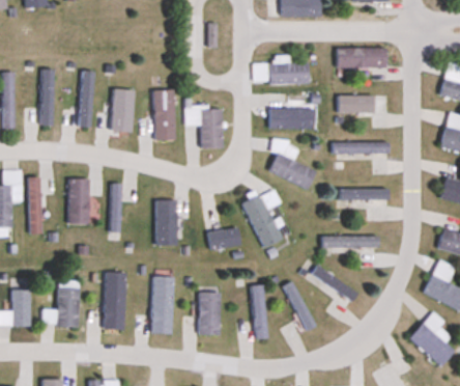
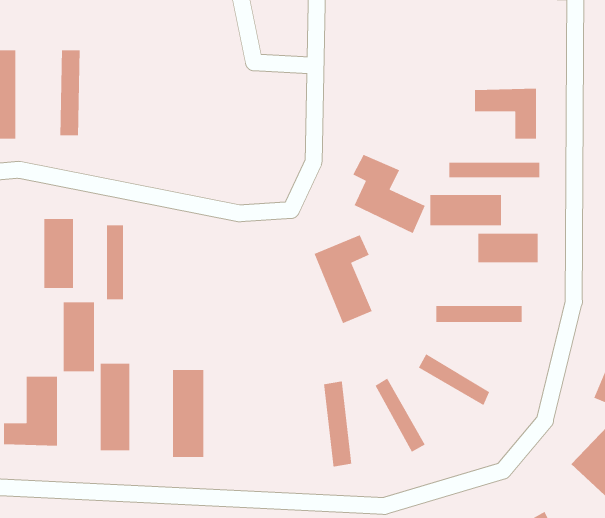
building: [337,48,387,68] -> none
building: [269,62,308,84] -> none
building: [97,90,134,133] -> none
building: [154,90,174,141] -> none
building: [186,108,223,148] -> none
building: [269,109,316,130] -> [430,194,502,226]
building: [156,200,177,246] -> [63,302,95,372]
building: [207,227,241,251] -> none
building: [199,293,220,334] -> none

